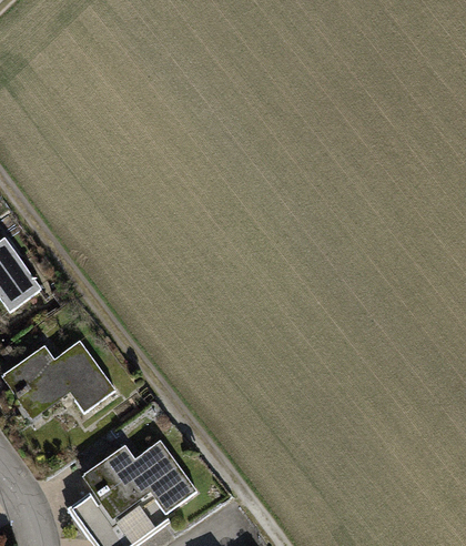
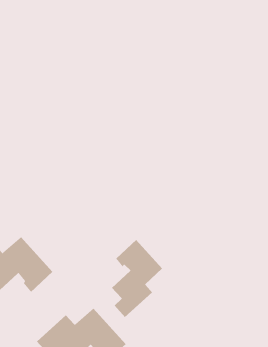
building: none -> [111,239,163,318]

